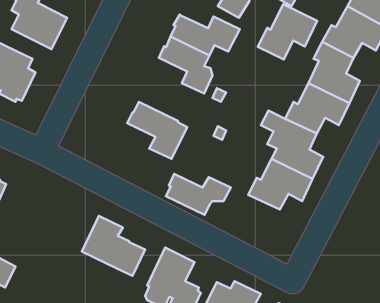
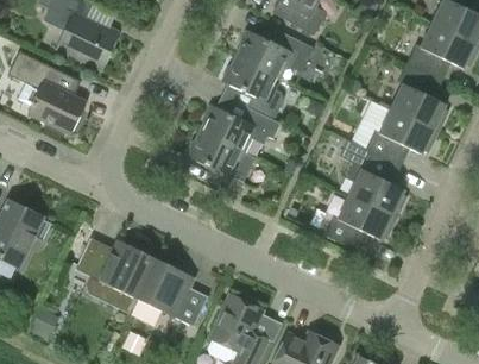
building: [258,4,317,60] -> none
building: [166,174,231,215] -> [200,105,273,151]
building: none -> [75,238,155,313]

